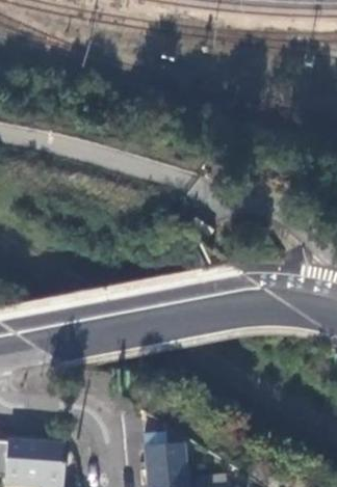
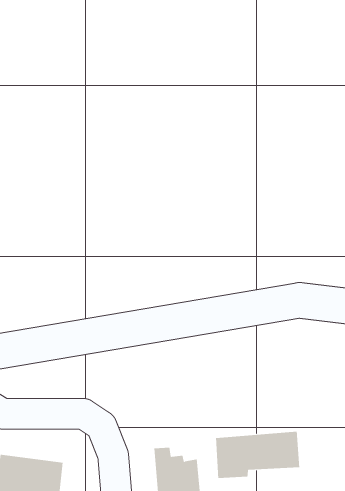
building: none -> [216,431,300,479]

